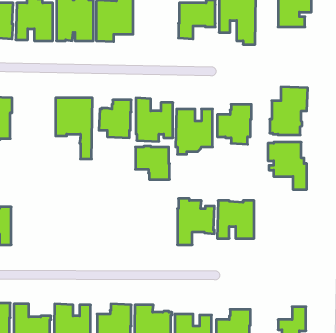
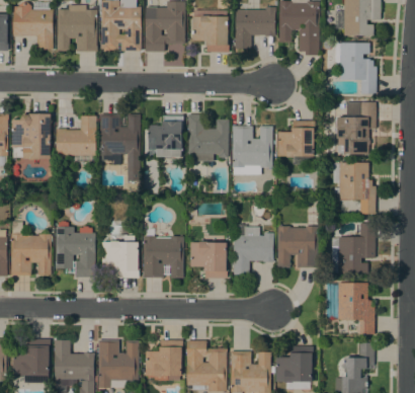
building: none -> [191,10,228,52]
building: none -> [334,42,376,93]
building: none -> [55,115,96,158]
building: [135,146,170,179] -> [189,241,227,278]
building: none -> [331,223,375,273]
building: none -> [55,226,94,277]
building: none -> [101,235,139,278]
building: none -> [143,235,183,278]
building: none -> [325,282,375,333]

